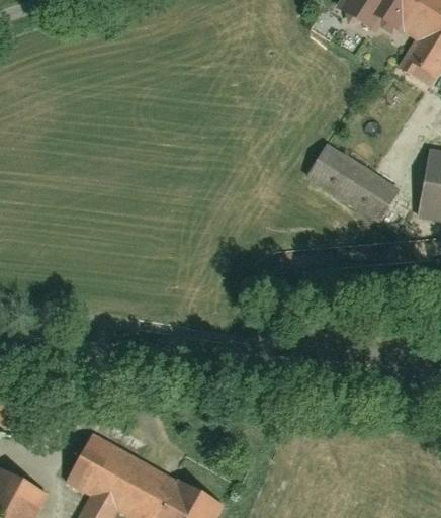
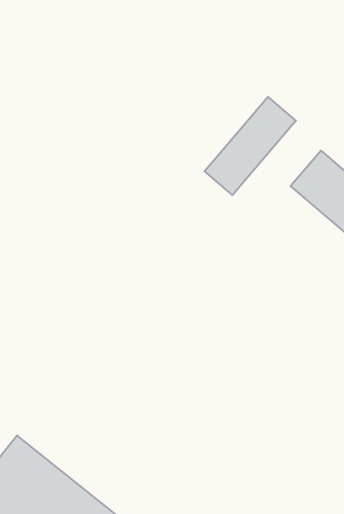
building: none -> [204,97,296,195]

